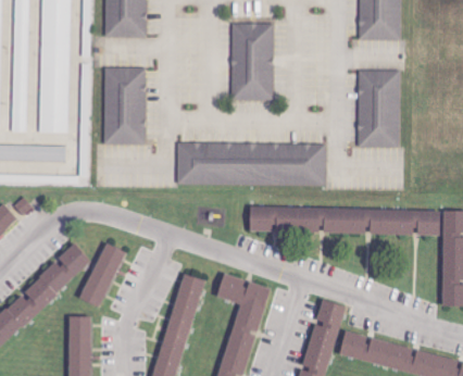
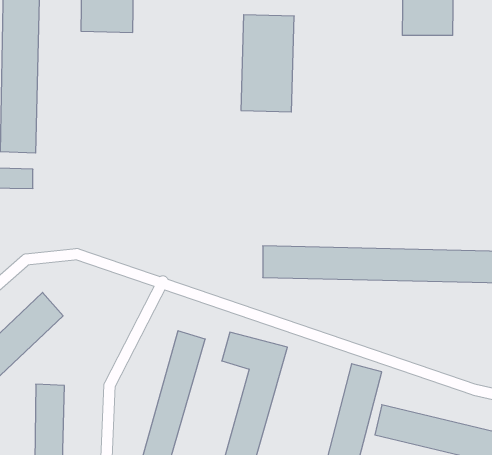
building: [104,67,146,145] -> none
building: [359,70,400,146] -> none
building: [177,142,325,186] -> none
building: [79,242,124,308] -> none

